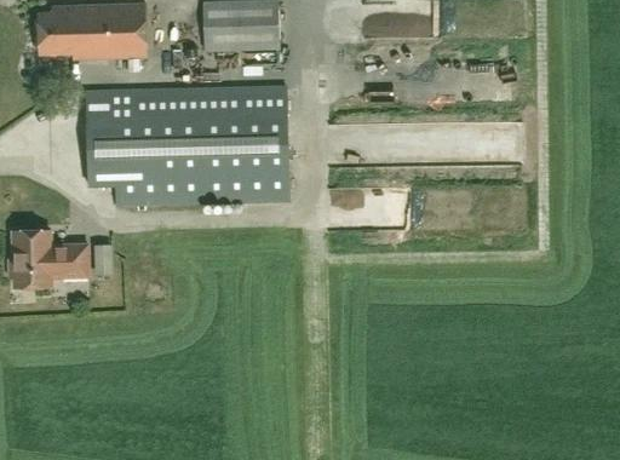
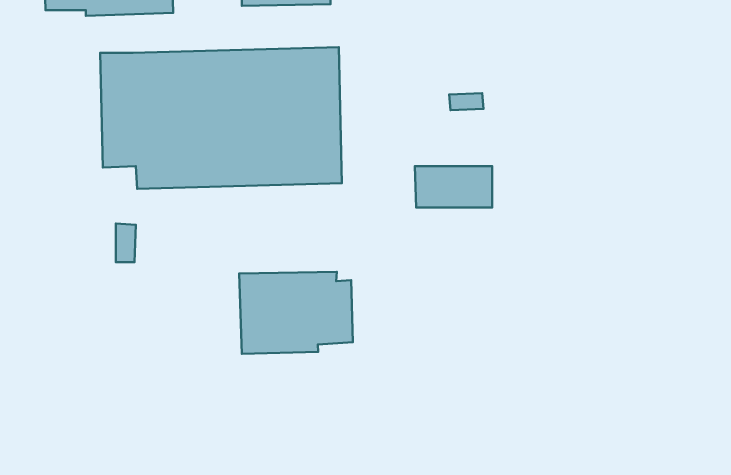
building: [13,229,88,286] -> none
building: none -> [239,272,353,354]

